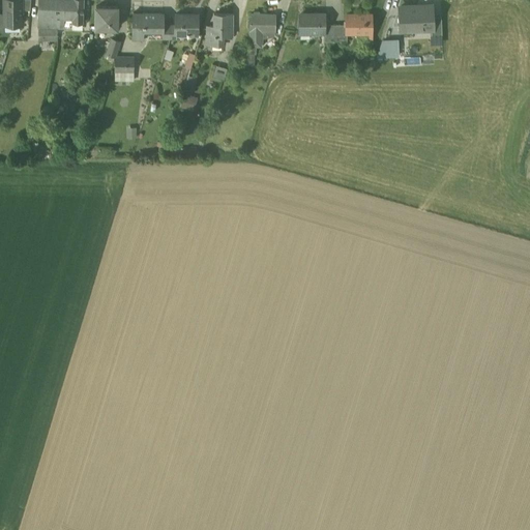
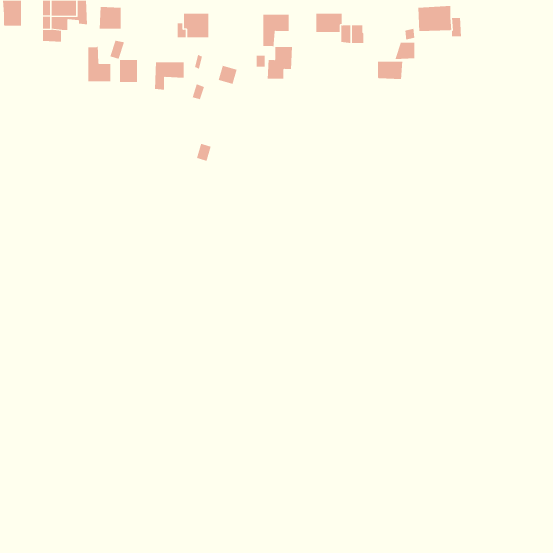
building: [134,13,163,40] -> [154,62,184,90]
building: [207,14,232,46] -> [267,47,293,79]
building: [347,16,372,33] -> [377,61,403,80]
building: none -> [88,45,111,82]

